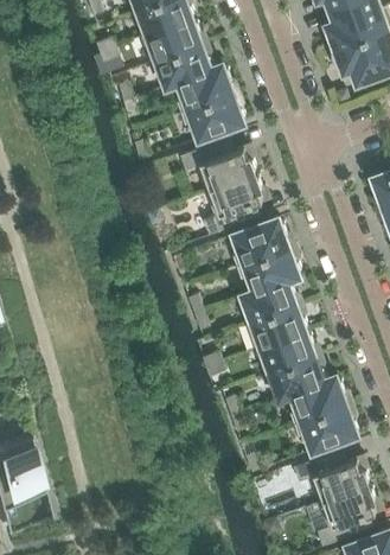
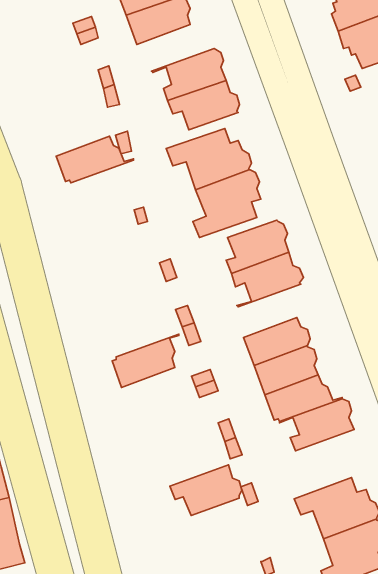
building: [153,45,222,87] -> [56,136,133,183]
building: [239,276,299,324] -> [112,334,179,387]
building: [294,406,358,451] -> [170,465,242,516]

